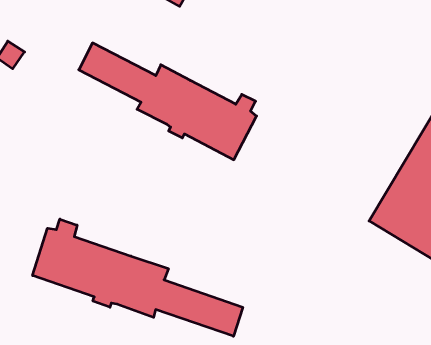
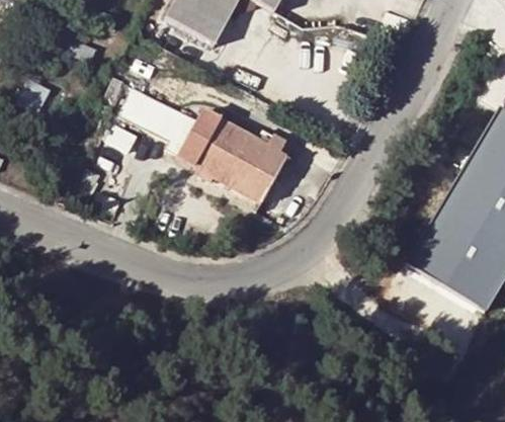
building: [33,219,243,336] -> none

